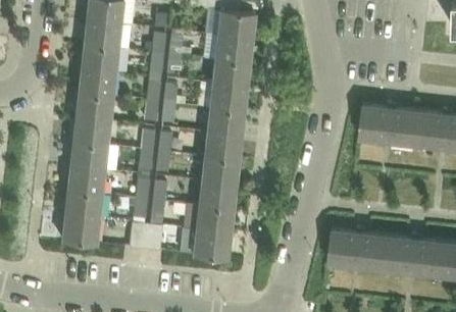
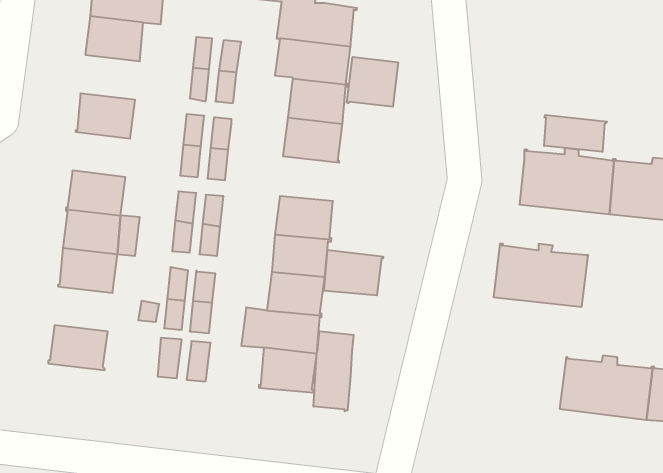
building: [82,45,119,73] -> none
building: none -> [347,57,398,107]
building: none -> [544,115,607,152]
building: [77,94,113,122] -> none
building: [208,109,246,138] -> [324,250,383,295]
building: [65,192,102,220] -> none
building: none -> [314,331,353,411]
building: [330,229,390,269] -> [493,244,588,307]

